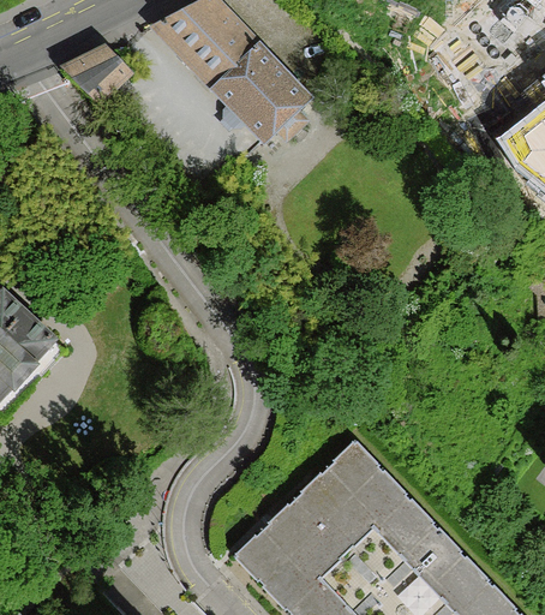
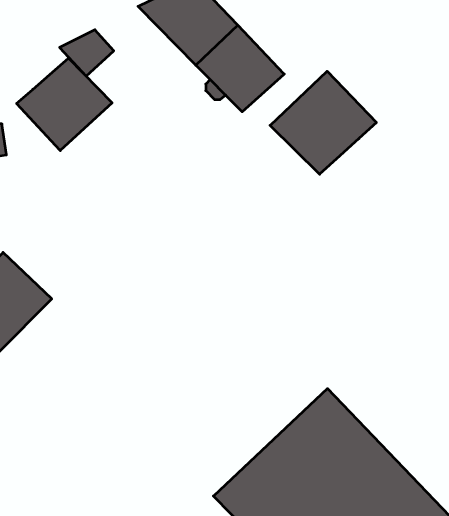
building: none -> [17,58,112,151]
building: none -> [270,71,376,174]

